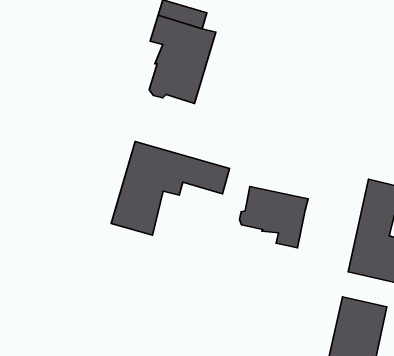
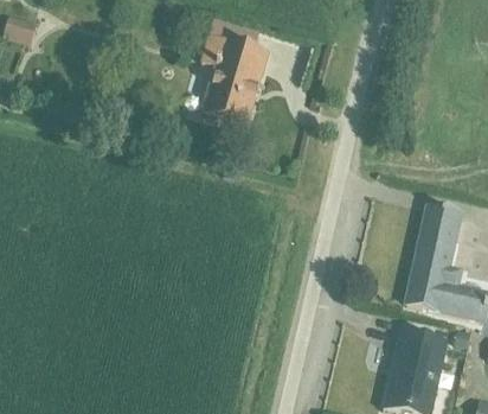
building: [111,141,229,235] -> none
building: [239,186,308,248] -> none

